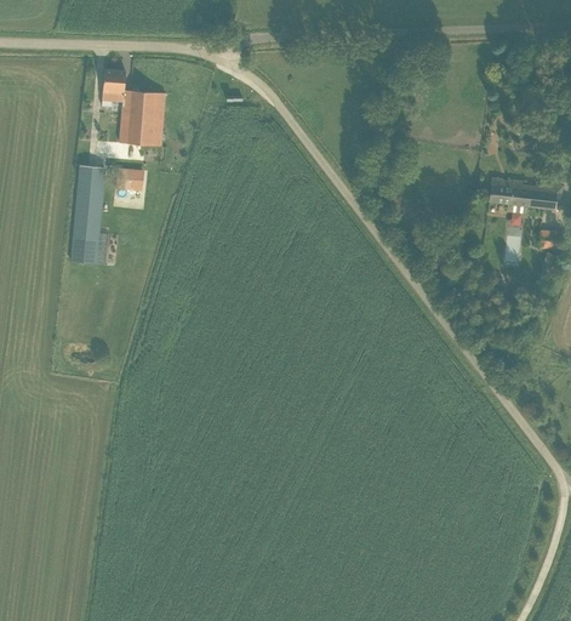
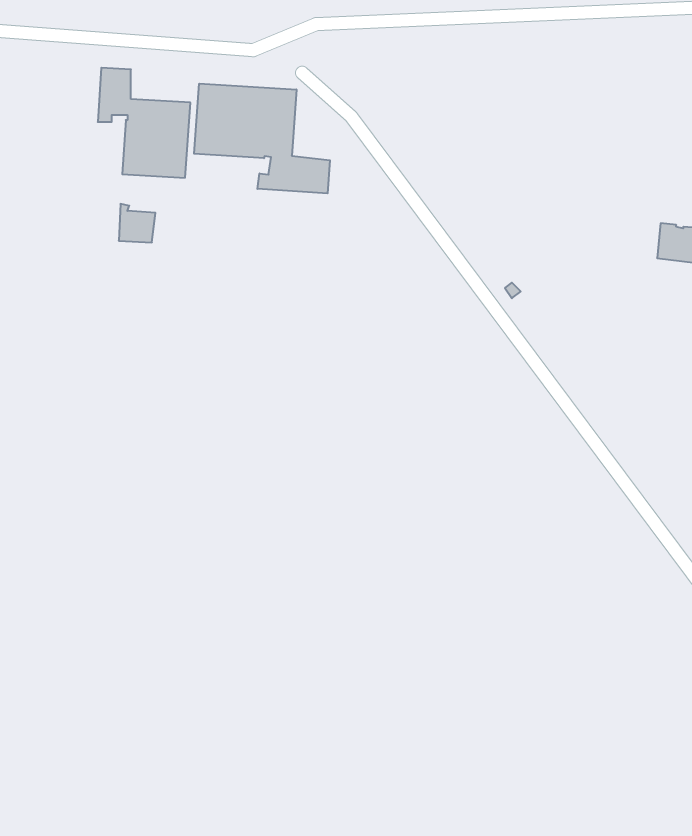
building: none -> [194,84,330,193]
building: [73,166,104,262] -> none

